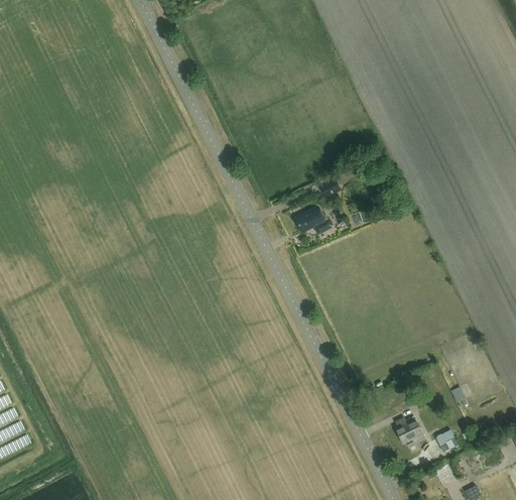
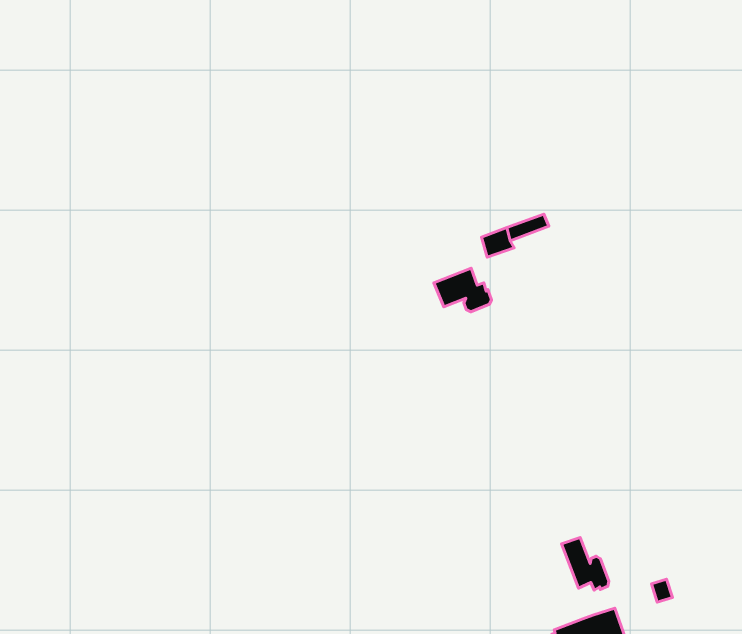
building: none -> [561,537,609,590]

